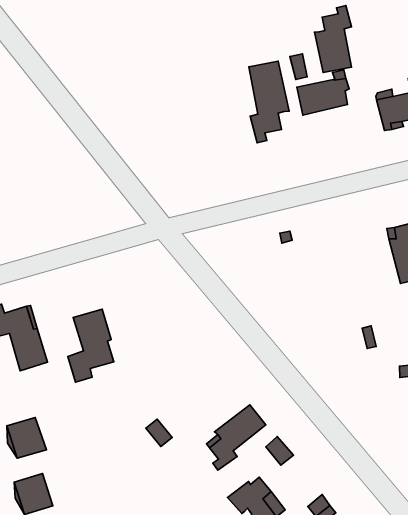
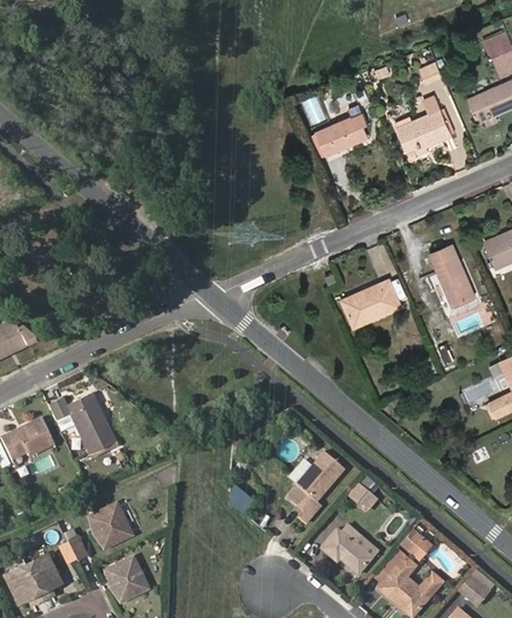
building: [314,5,351,73] -> none
building: [249,61,289,143] -> none
building: none -> [341,279,402,330]
building: [68,309,114,382] -> none

